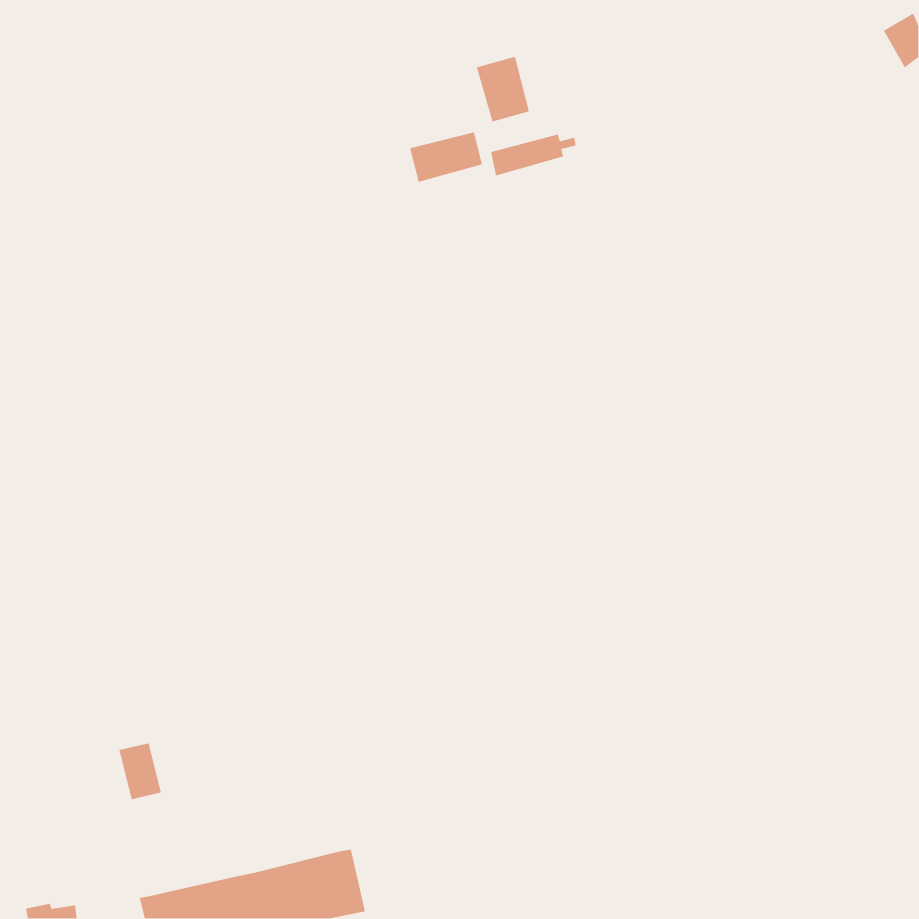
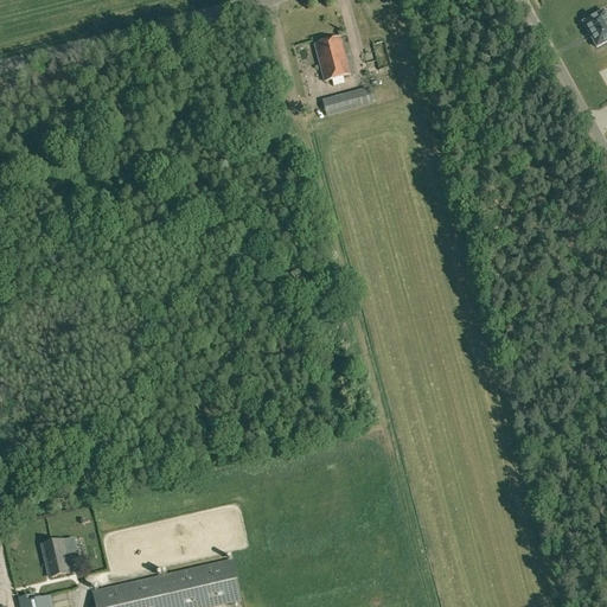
building: [409,132,483,183] -> none
building: [119,742,162,800] -> [41,539,70,577]

